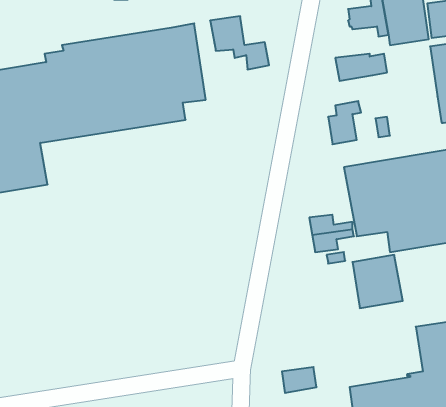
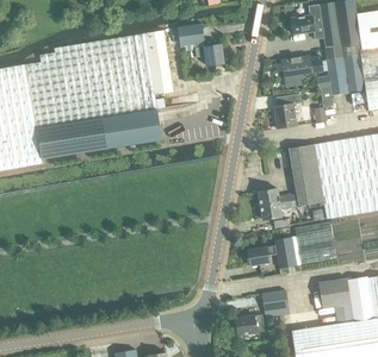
building: none -> [326,43,365,95]
building: none -> [36,109,162,159]
building: none -> [248,237,298,268]
building: none -> [318,277,353,320]
building: none -> [262,289,290,317]

